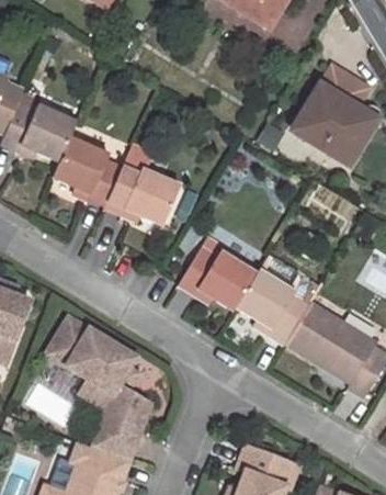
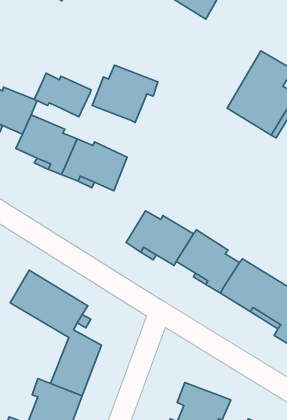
building: none -> [92,65,158,123]
building: none -> [34,73,91,117]

